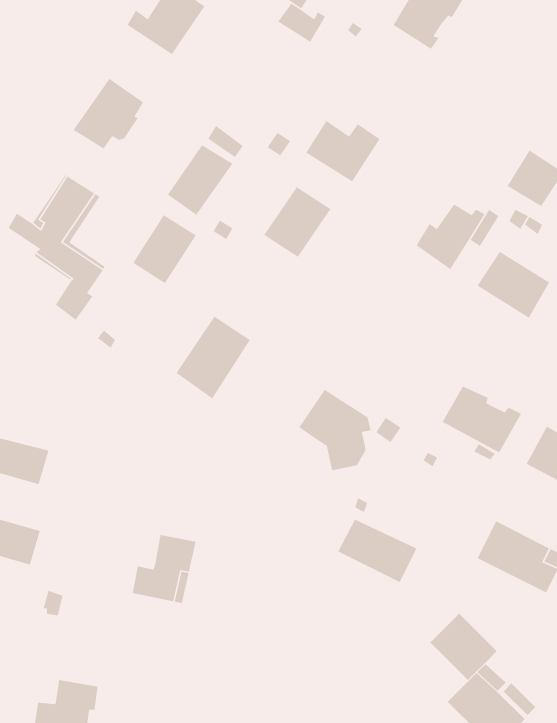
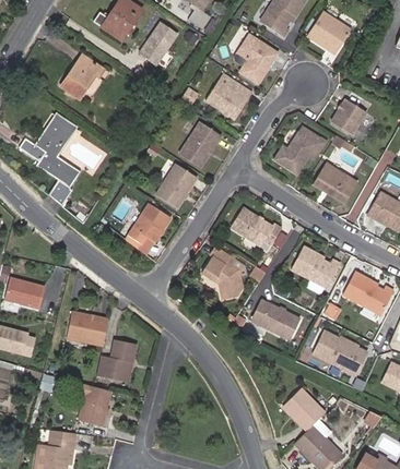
building: none -> [307,12,353,57]
building: none -> [235,34,279,84]
building: [167,144,233,216] -> [139,21,180,65]
building: [132,214,197,284] -> [156,165,197,208]
building: none -> [231,207,282,246]
building: none -> [67,311,109,347]
building: [337,519,418,583] -> [250,300,301,340]
building: none -> [79,385,113,426]

